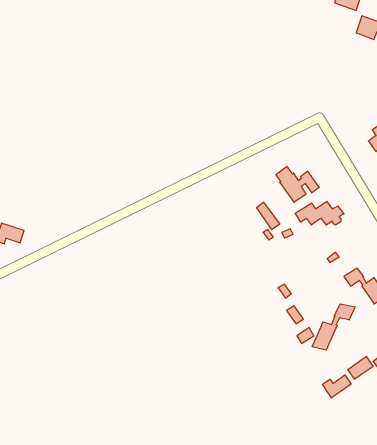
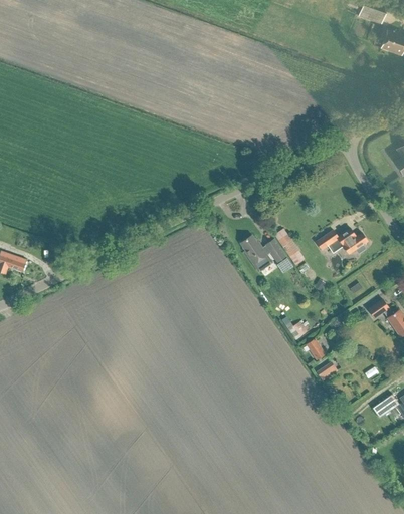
building: [276,167,319,202] -> [239,234,285,272]
building: [312,304,355,350] -> none
building: [322,375,351,398] -> none

